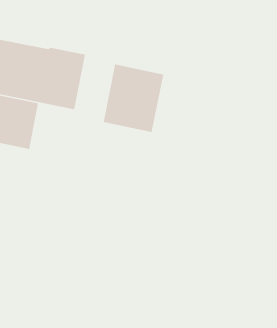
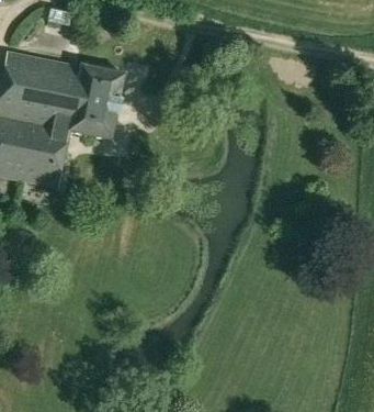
building: [103,64,164,133] -> none

